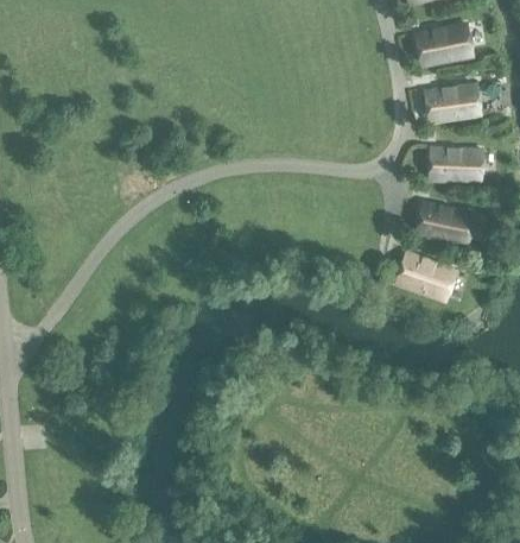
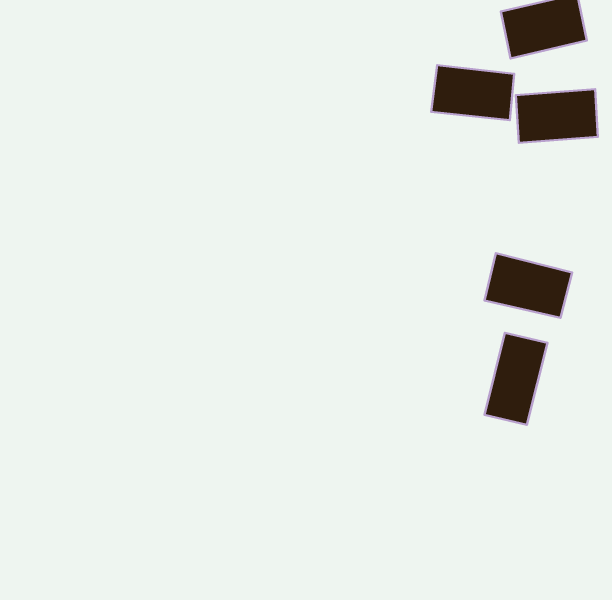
building: [414,201,473,242] -> [431,65,514,120]
building: none -> [484,333,548,425]

